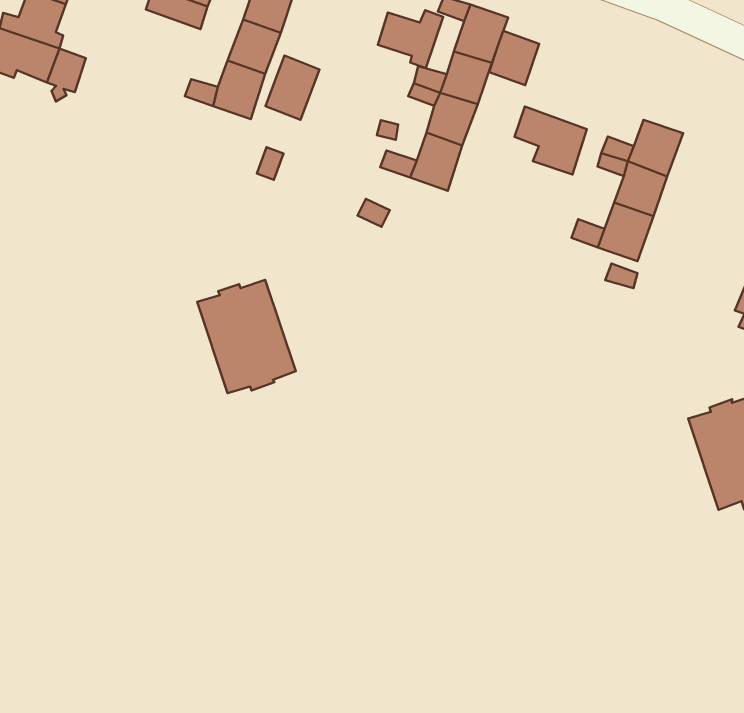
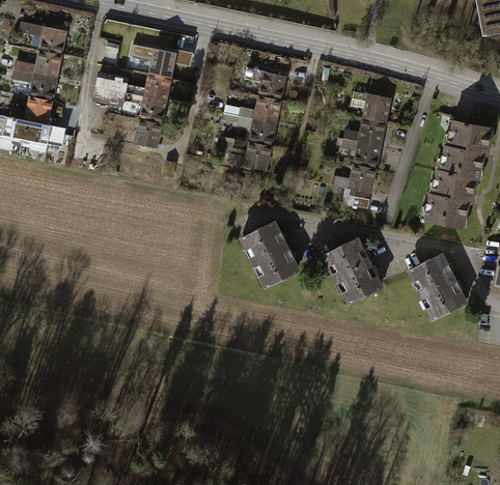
building: [378,10,443,68] -> none
building: [489,31,539,85] -> none
building: [265,56,319,120] -> none
building: [515,107,587,175] -> [352,89,389,121]
building: [197,280,296,393] -> [242,222,299,284]
building: none -> [325,237,381,299]

